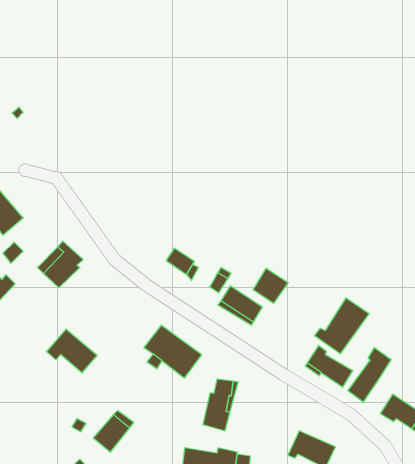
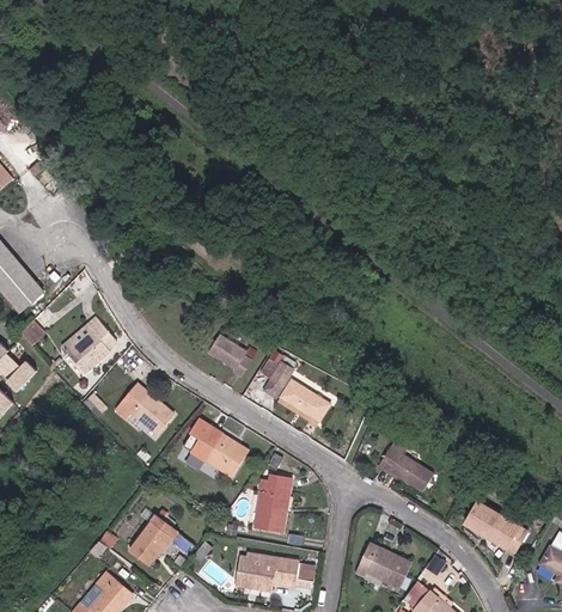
building: [253,268,288,303] -> none
building: [314,298,369,354] -> none
building: [47,329,97,373] -> [117,384,177,435]
building: [348,347,391,402] -> none

